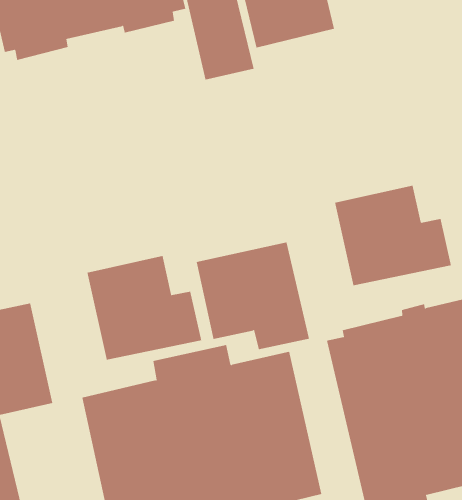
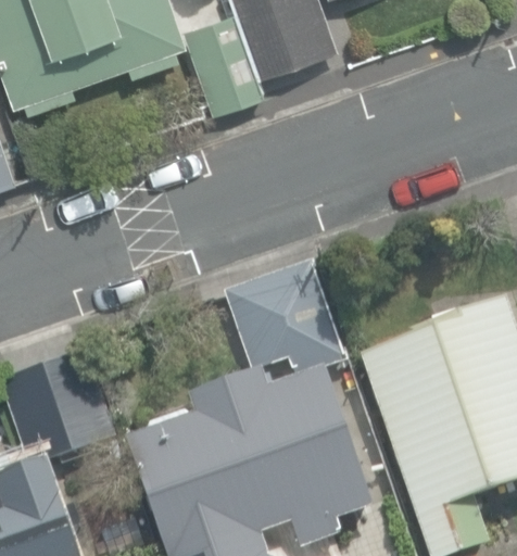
building: [335,185,452,286] -> none
building: [87,255,202,360] -> none

